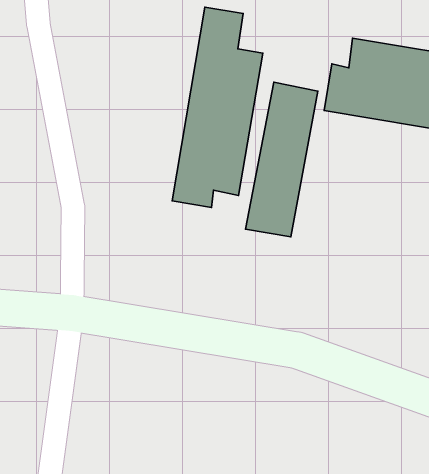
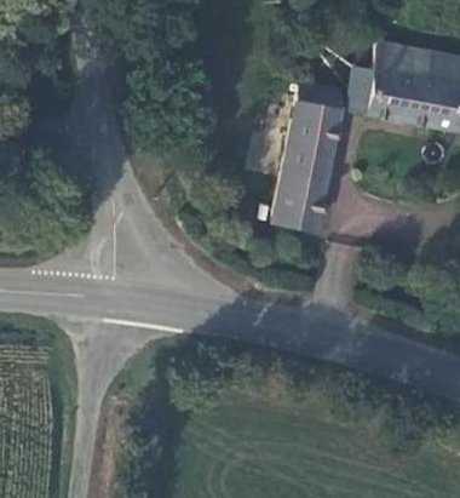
building: [172,7,263,208] -> none

